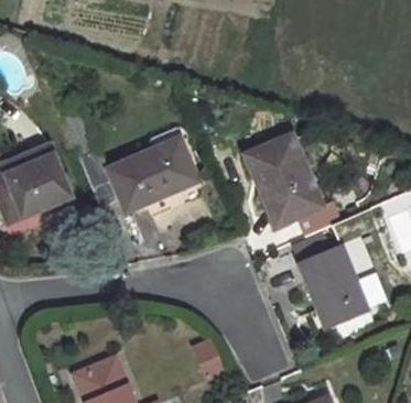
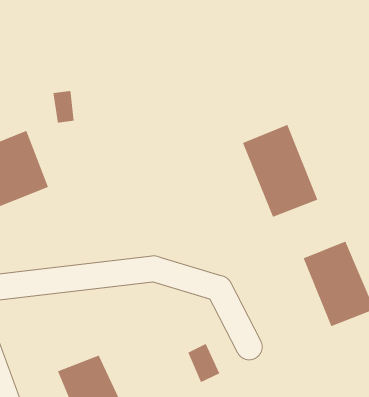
building: [78,139,192,211] -> none

